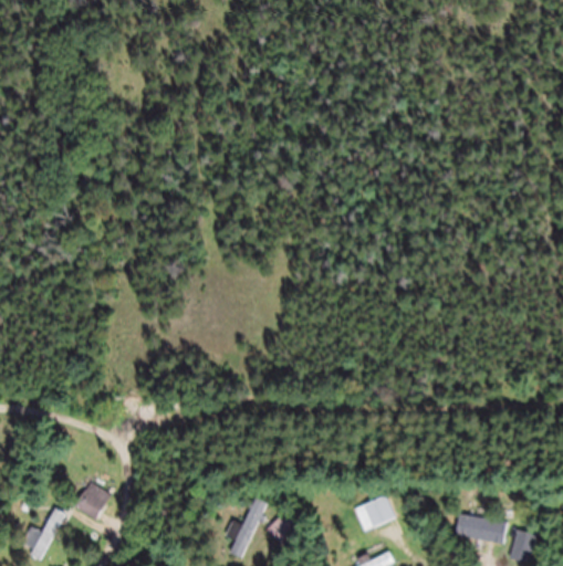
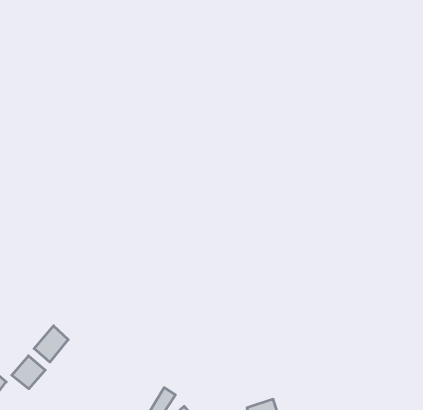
building: none -> [34,326,68,362]

